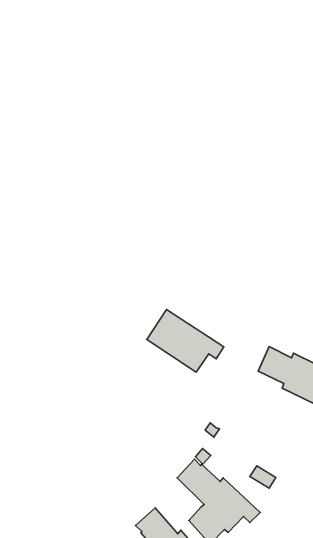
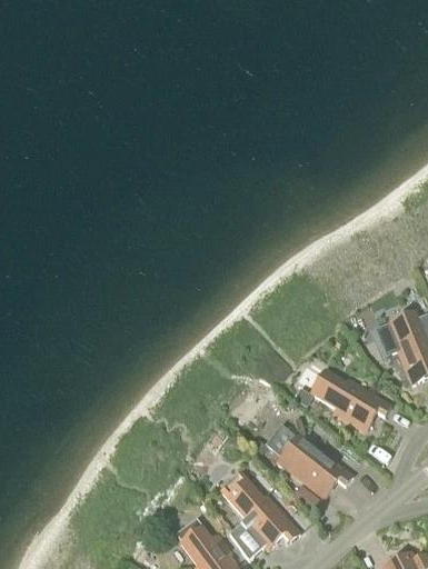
building: [147,310,224,372] -> [278,431,354,496]

